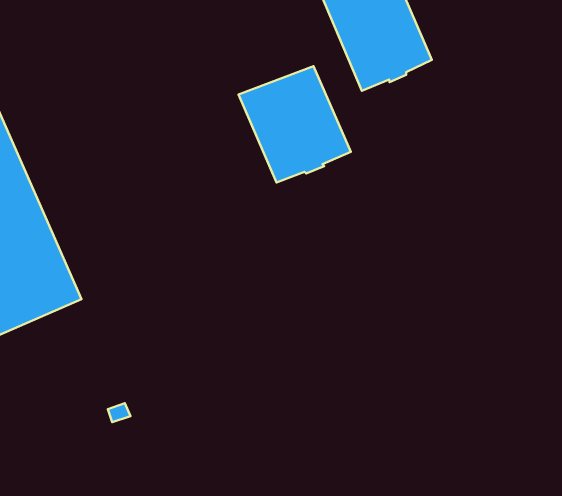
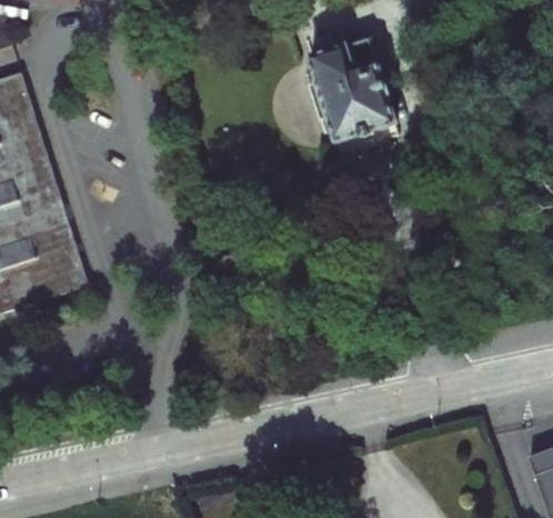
building: [239,66,351,183] -> none

